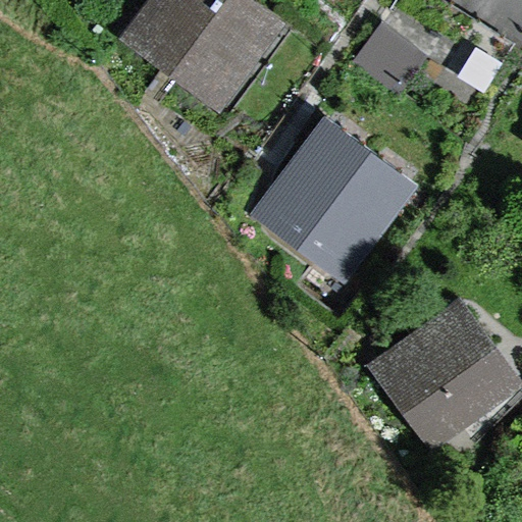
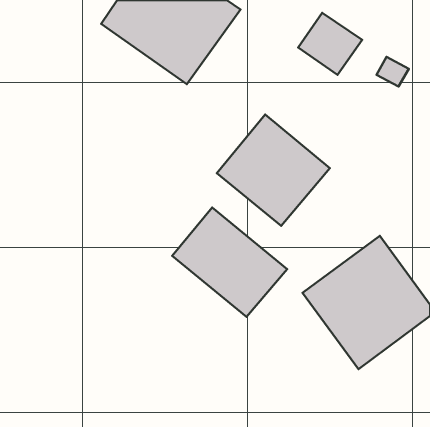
building: none -> [172,207,287,317]

